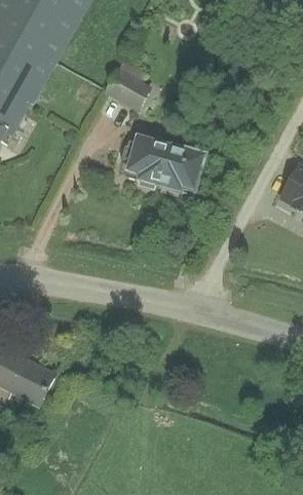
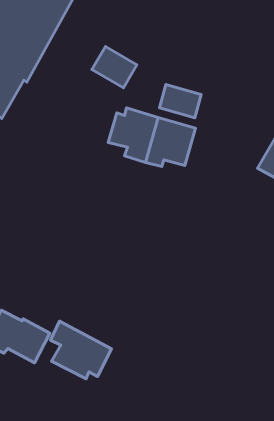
building: none -> [159,84,201,118]
building: none -> [51,321,111,379]

